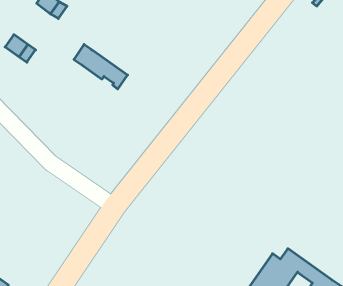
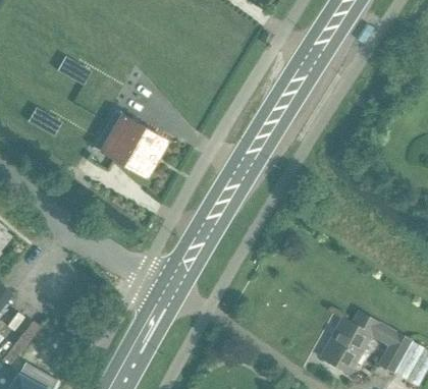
building: none -> [94,128,156,177]

